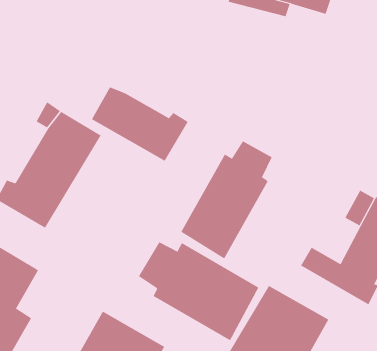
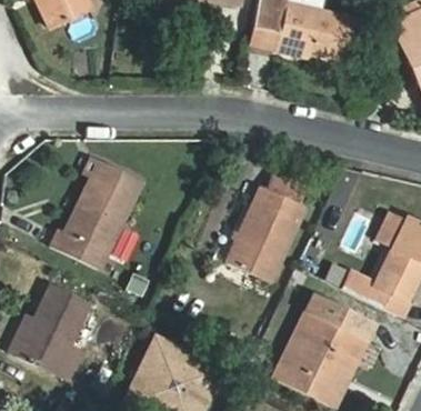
building: [91,86,188,161] -> none
building: [138,241,259,341] -> none

